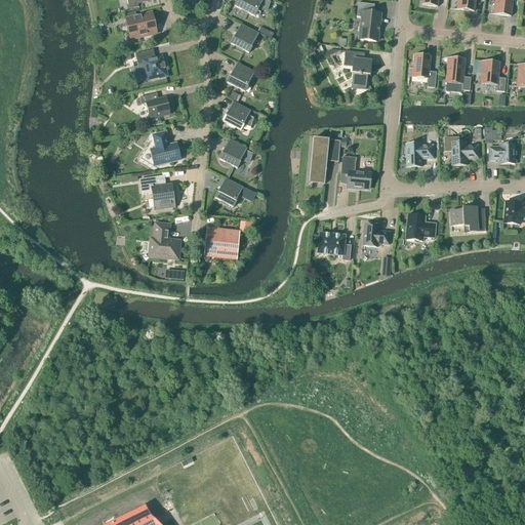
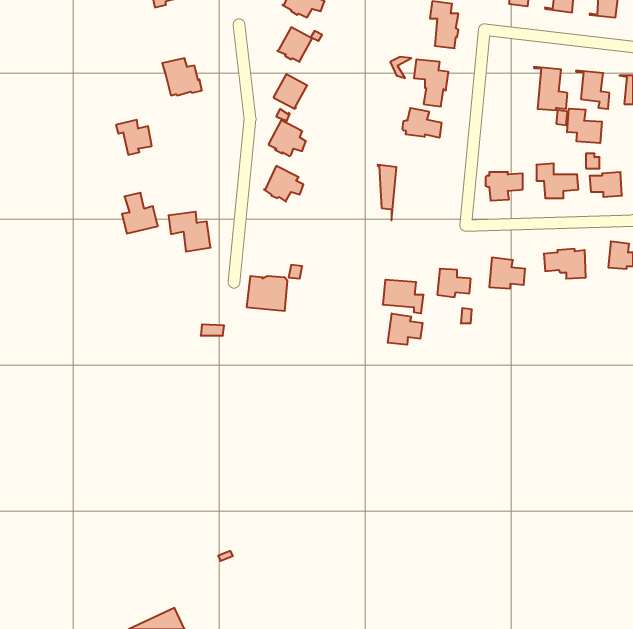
building: [124,10,156,37] -> none
building: [407,53,436,86] -> none
building: none -> [403,108,441,138]
building: none -> [567,109,602,143]
building: [139,91,169,120] -> [116,120,152,155]
building: [150,130,179,164] -> [122,193,158,234]
building: [340,155,370,188] -> none
building: [214,176,256,206] -> none
building: [149,221,178,257] -> none
building: none -> [388,313,423,345]

